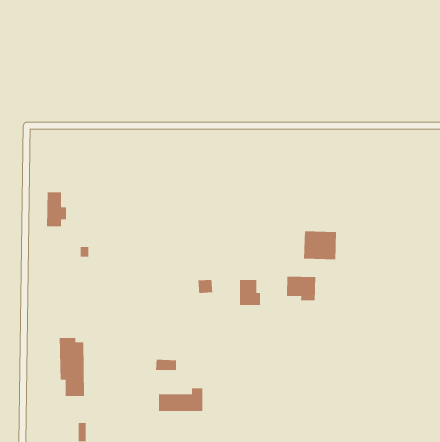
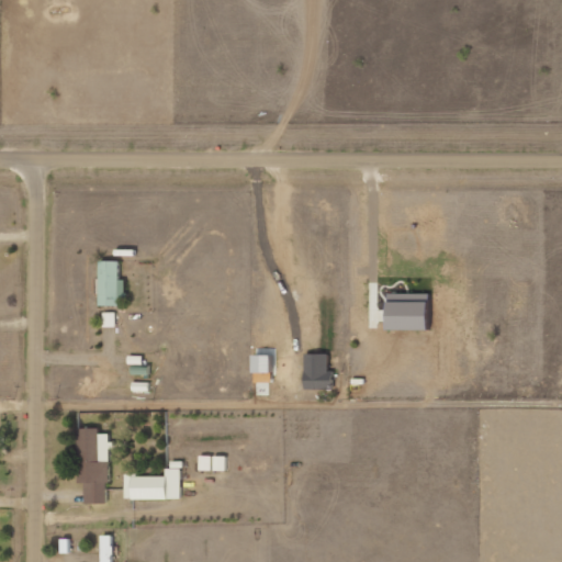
building: [46,192,67,227] -> [97,260,123,305]
building: [286,276,316,301] -> none
building: [158,388,203,412] -> [122,468,179,498]

